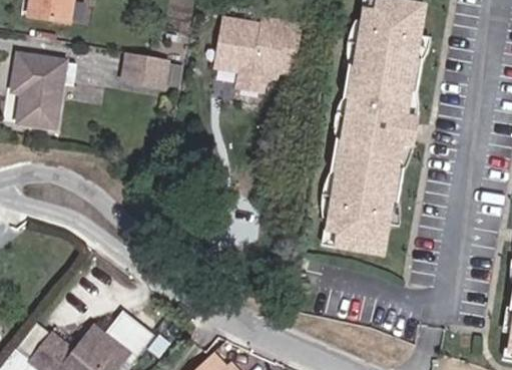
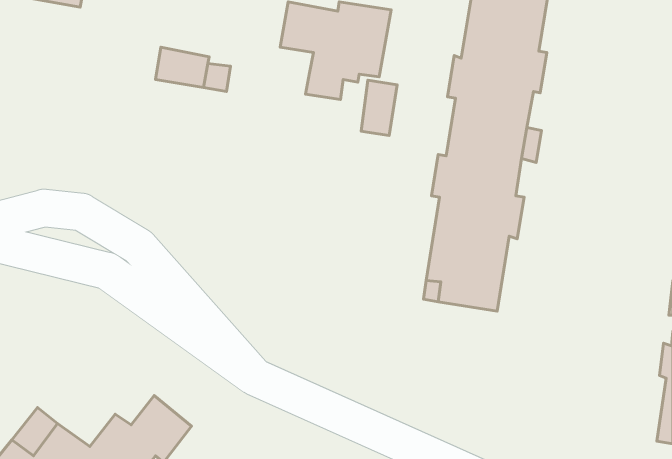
building: [15,55,64,127] -> none
building: none -> [361,80,397,135]

